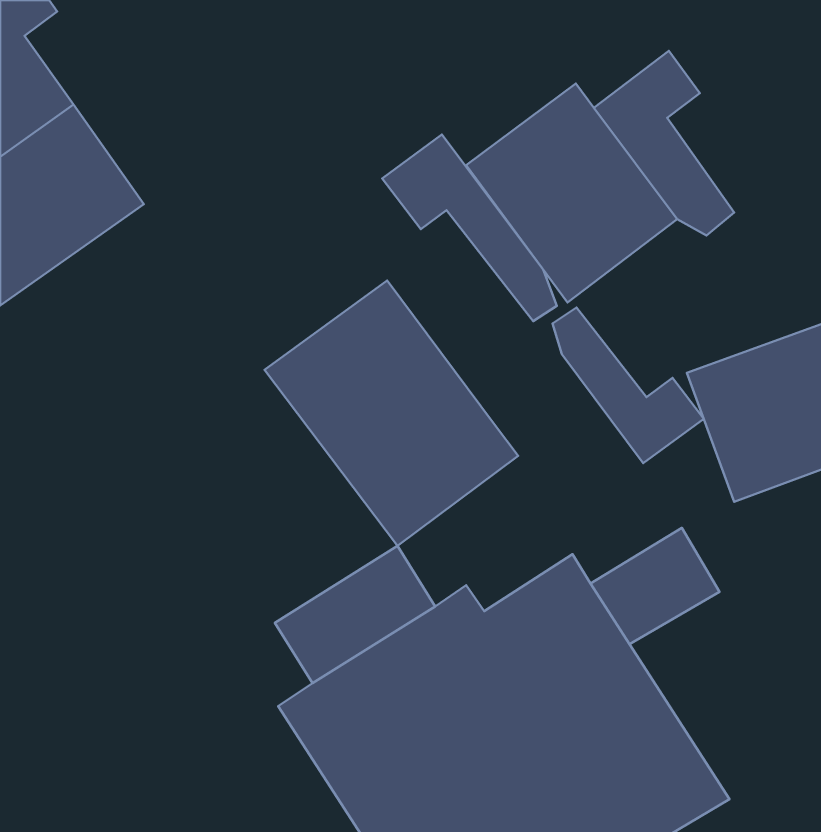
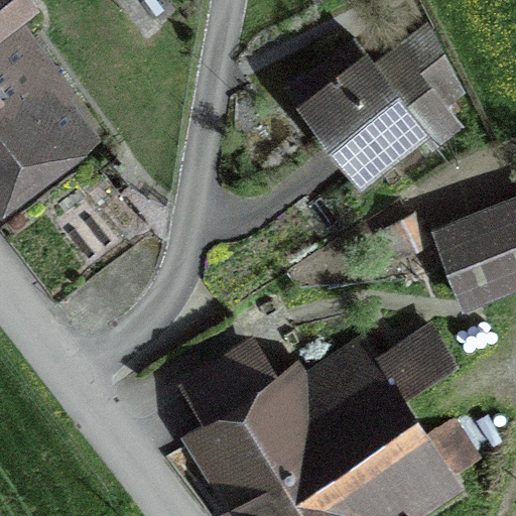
building: [382,135,557,321] -> none
building: [265,280,518,546] -> none
building: [552,308,704,463] -> none

